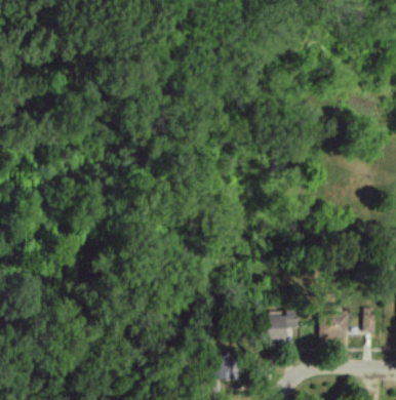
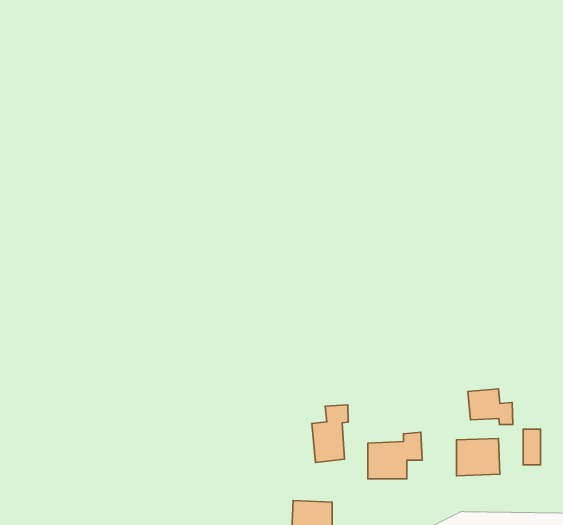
building: none -> [468,389,513,425]
building: none -> [312,405,348,463]

